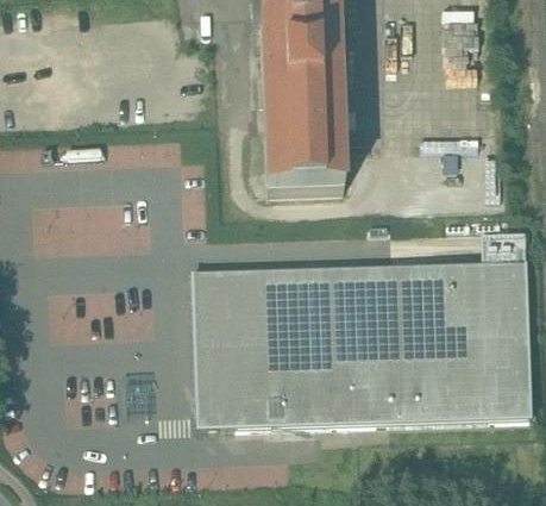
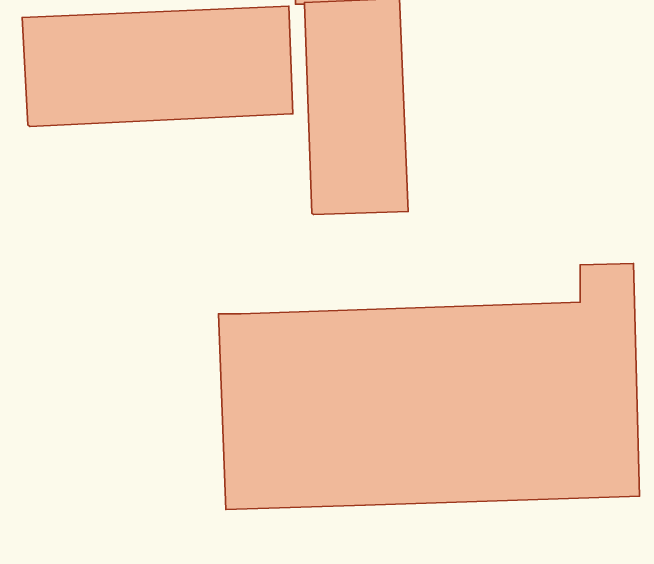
building: none -> [22,6,293,126]

